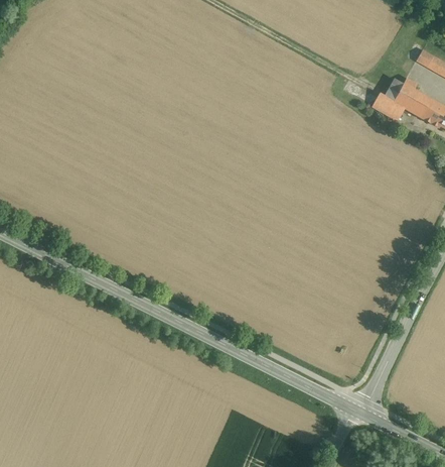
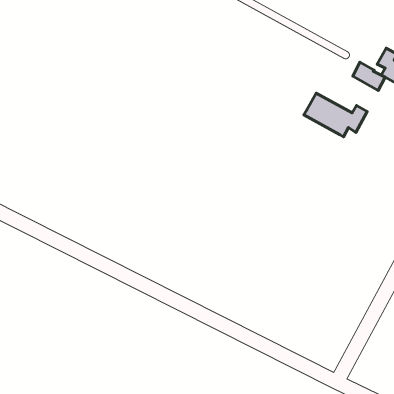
building: none -> [304,93,367,137]

